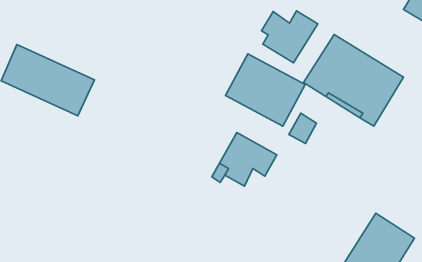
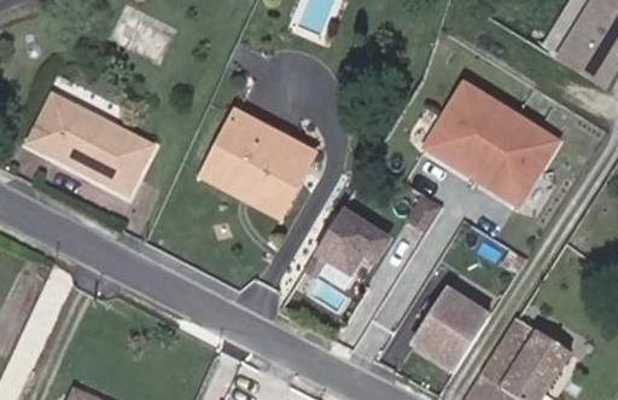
building: [262,11,318,63] -> none
building: [226,54,305,126] -> [208,117,311,211]
building: none -> [416,290,490,369]

